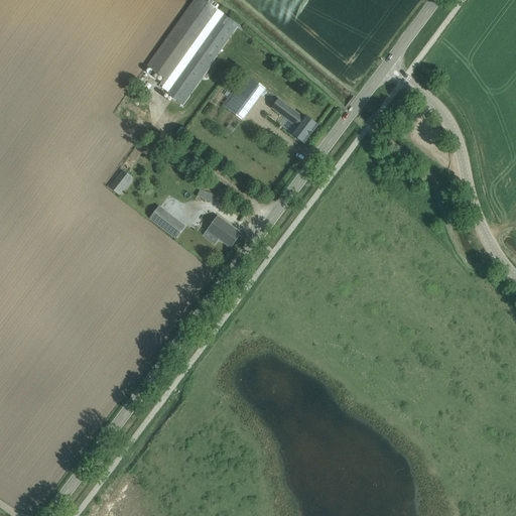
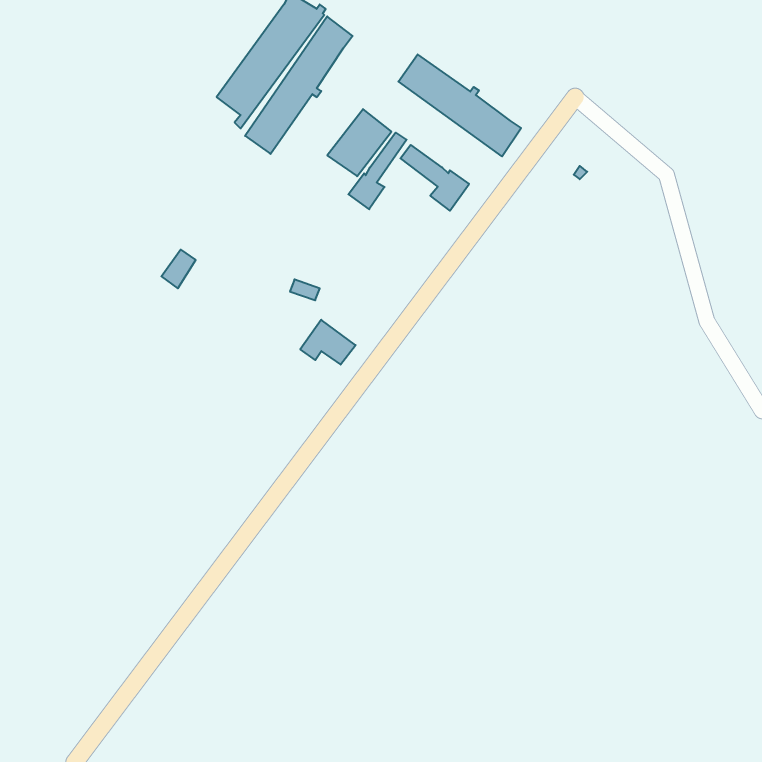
building: none -> [398,54,521,156]
building: none -> [348,133,407,209]
building: [149,207,184,238] -> none

